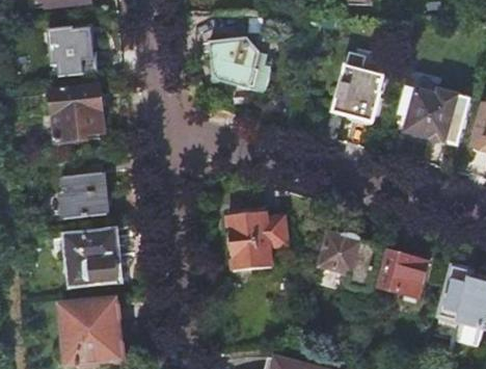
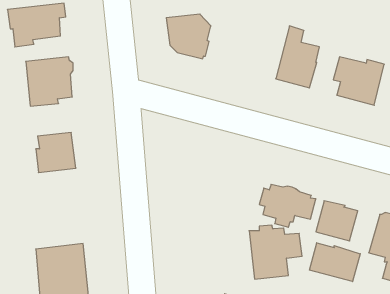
building: [226,209,287,270] -> [249,225,302,279]
building: [66,232,116,283] -> none
building: none -> [310,243,360,282]

